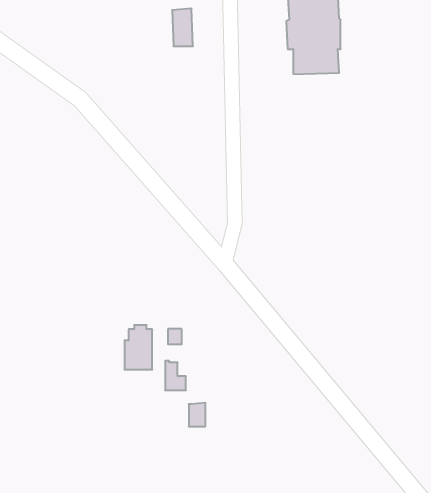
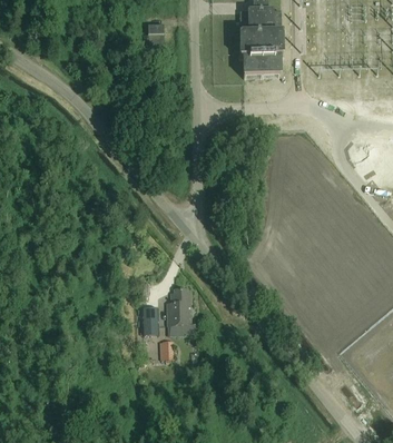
building: [124,325,152,370] -> [167,288,189,324]

